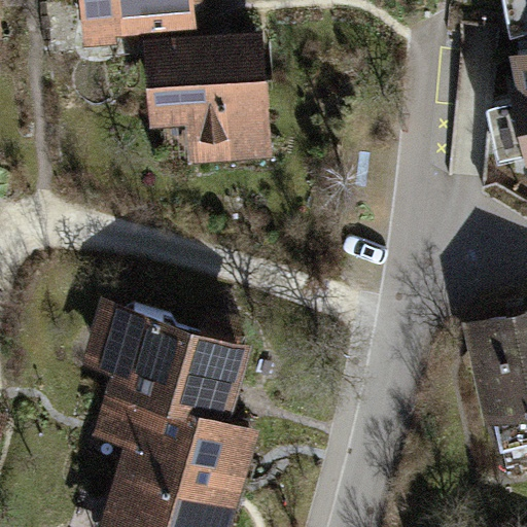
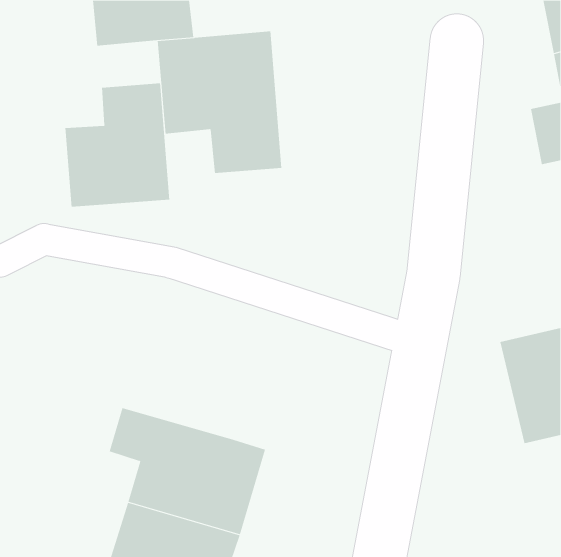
building: none -> [65,82,170,208]
building: [94,304,241,416] -> none

